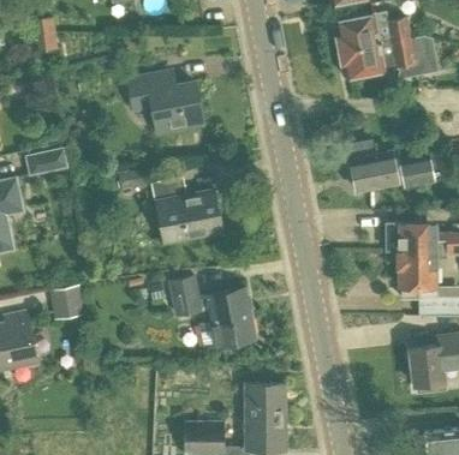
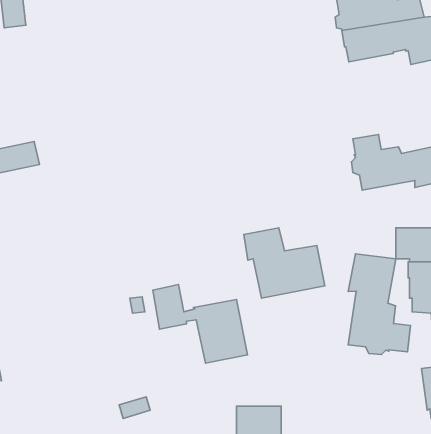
building: [126,74,202,133] -> none
building: [151,178,223,240] -> [244,228,325,298]
building: none -> [348,254,411,354]
building: [50,286,85,322] -> none

